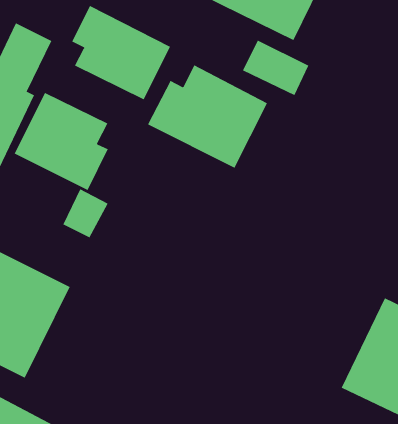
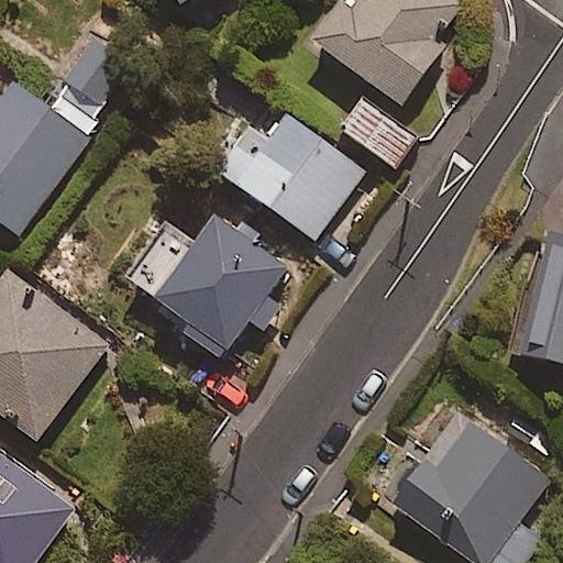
building: [72,5,171,100] -> none
building: [14,92,109,191] -> none
building: none -> [161,218,288,361]

